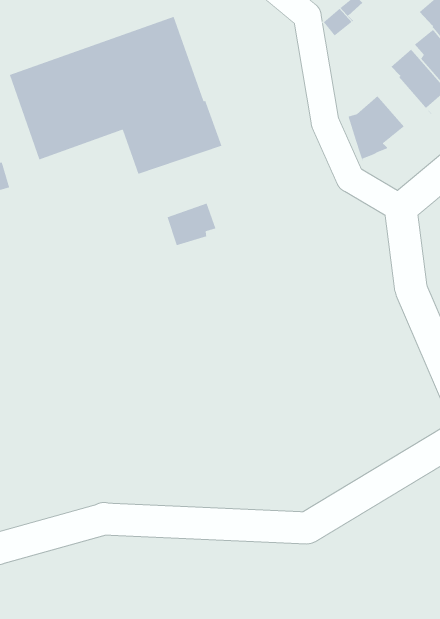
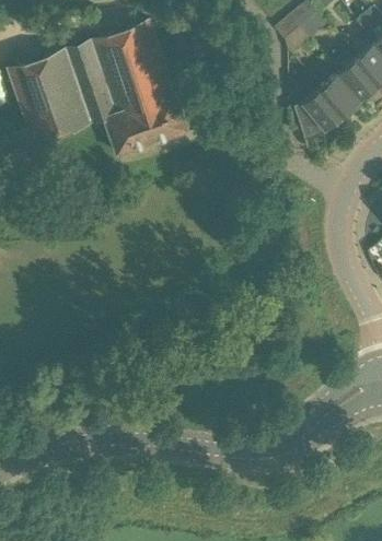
building: none -> [319,74,363,116]
building: [167,202,217,246] -> none

